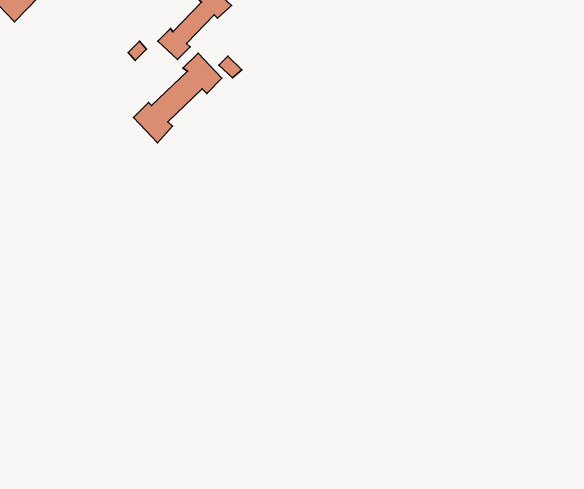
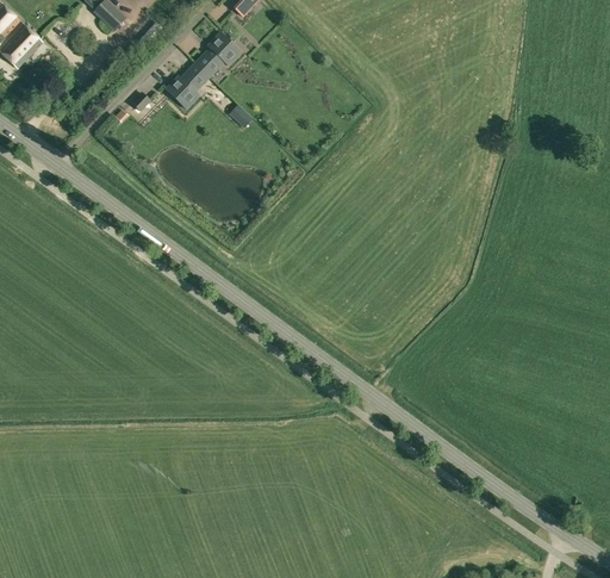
building: [134,53,222,143] -> none

